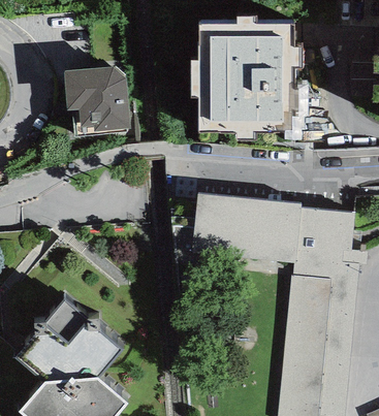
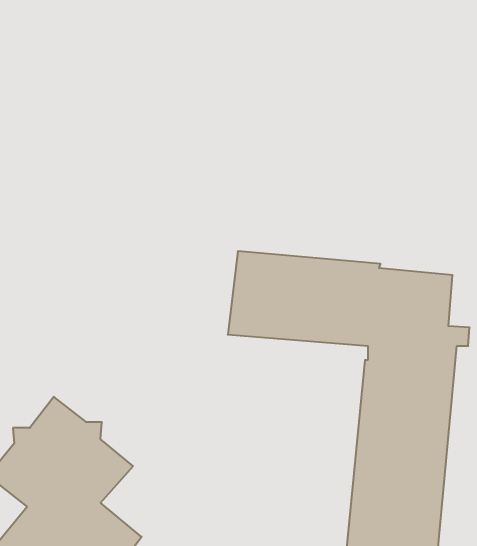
building: [199,23,292,130] -> none
building: [64,65,131,135] -> none

